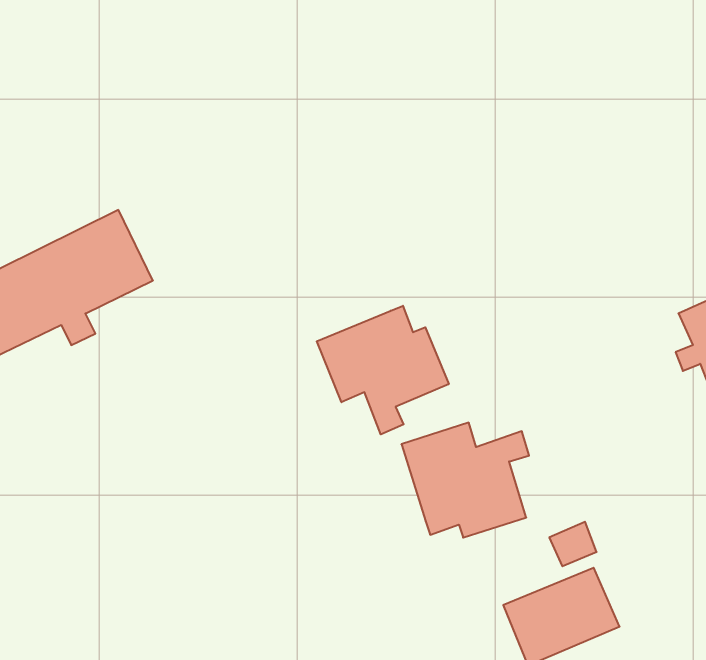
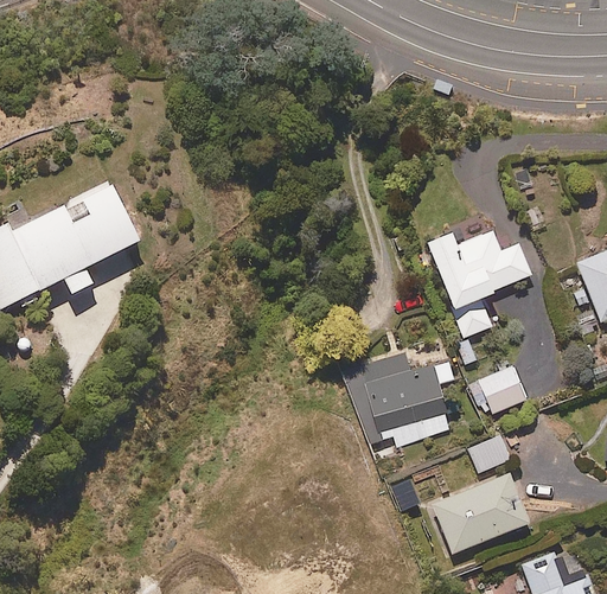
building: none -> [423,230,530,338]
building: [317,306,449,434] -> none
building: none -> [475,366,525,416]

